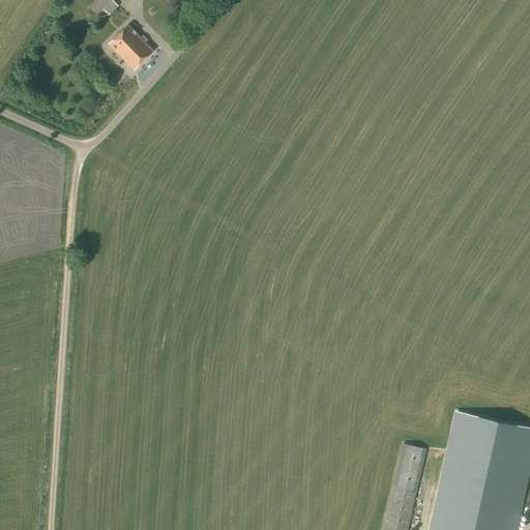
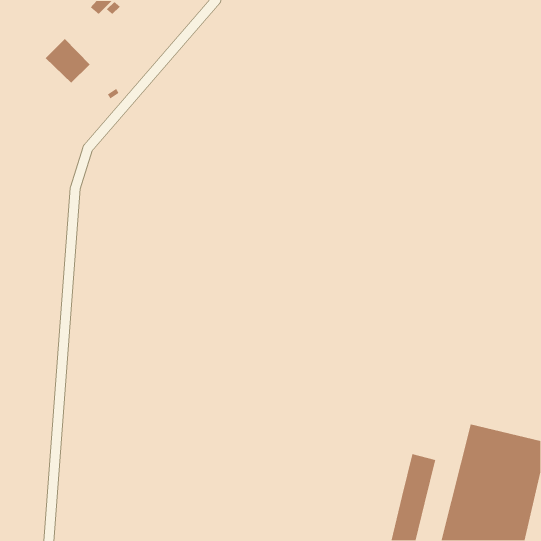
building: [108,25,152,69] -> [45,38,90,84]

